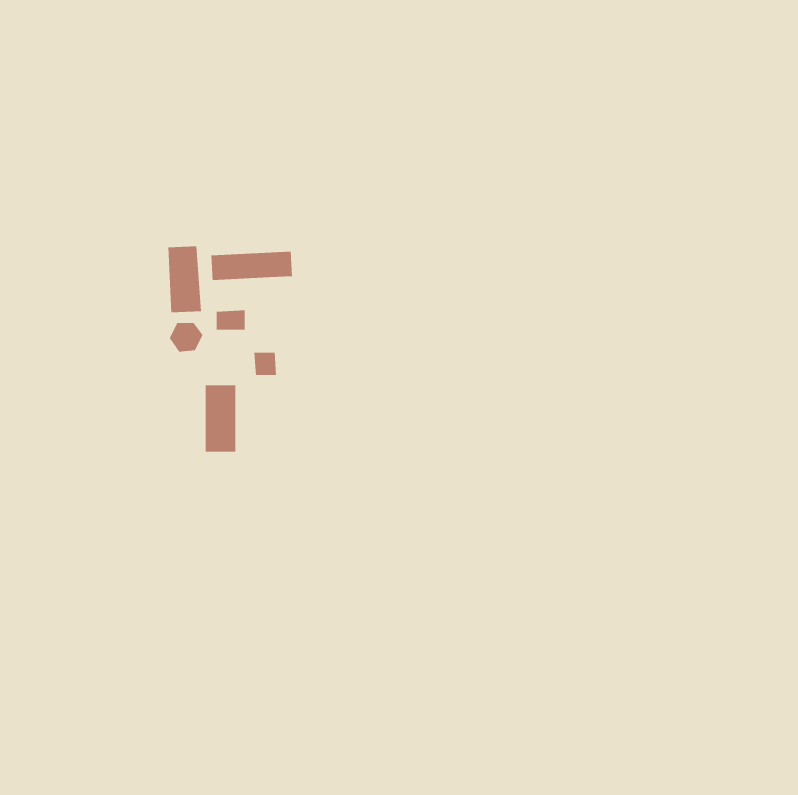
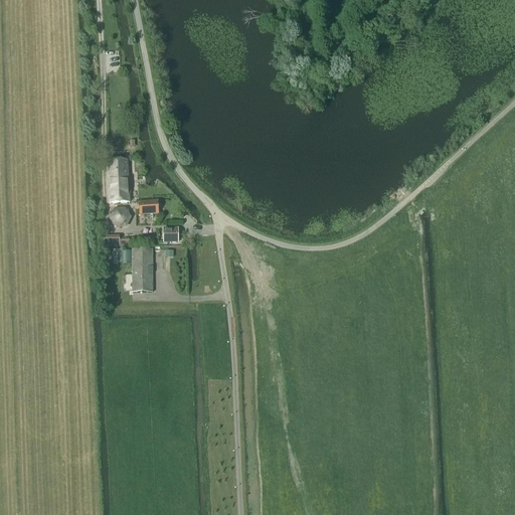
building: [211,251,292,281] -> none

